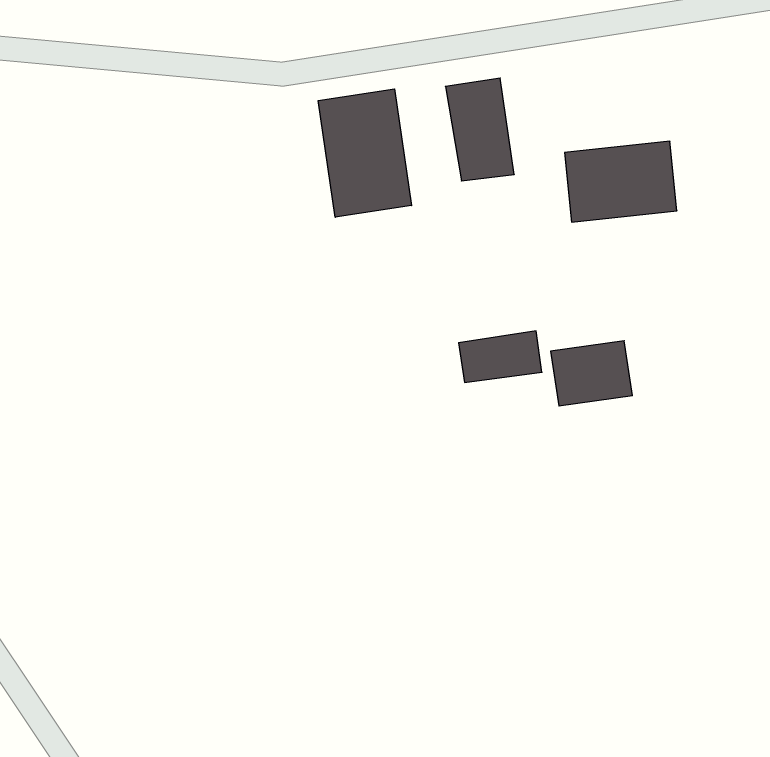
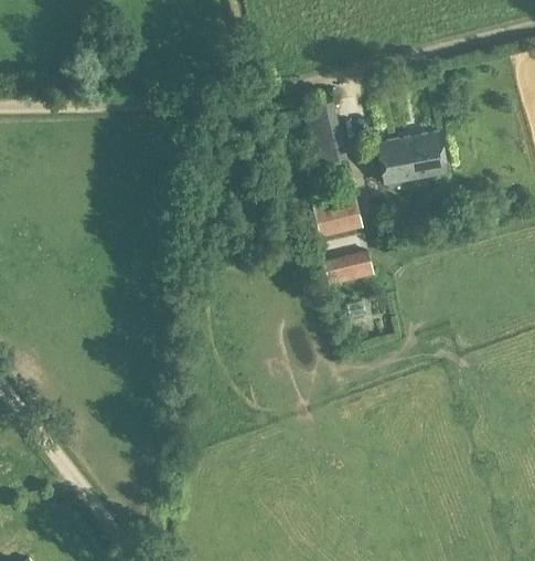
building: [318,89,412,217] -> none
building: [551,341,632,406] -> [313,197,364,239]

